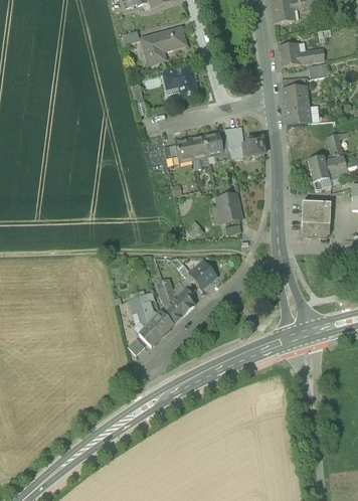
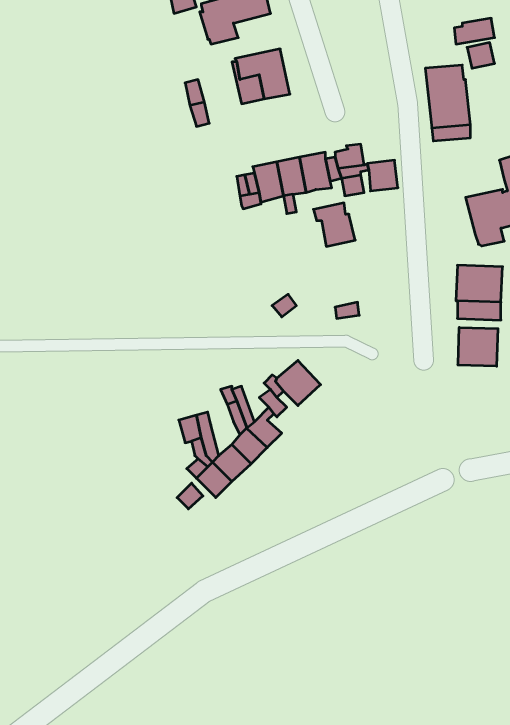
building: [278,42,301,66] -> none
building: [215,194,241,221] -> [313,203,355,246]
building: none -> [458,327,498,366]

